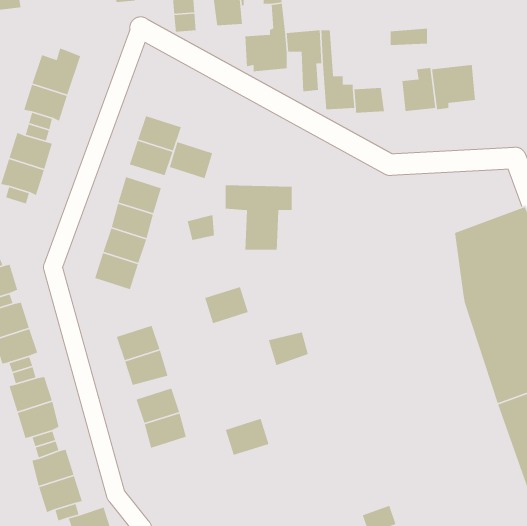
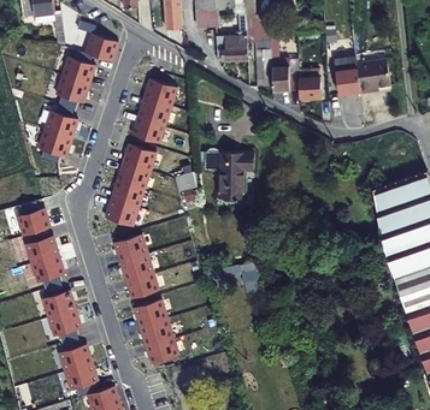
building: none -> [86,34,119,63]
building: [169,141,213,179] -> [145,82,177,109]
building: [204,286,249,324] -> [117,234,149,262]
building: [225,418,270,456] -> [148,335,181,363]

